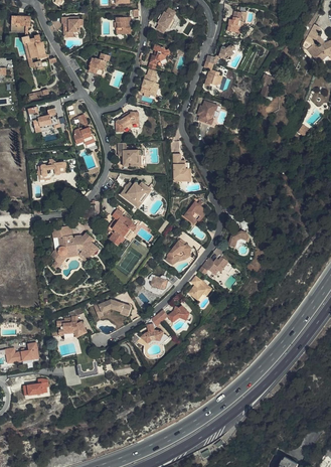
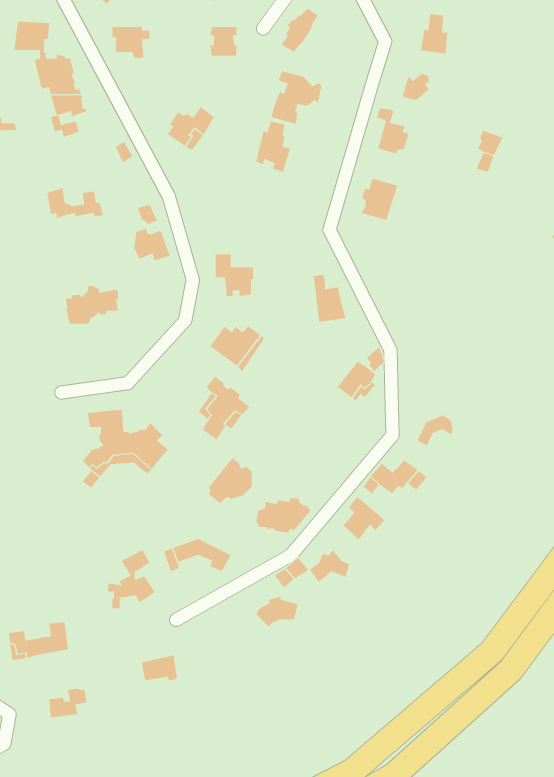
building: [117,110,143,131] -> none
building: [166,239,190,264] -> [208,457,253,503]

